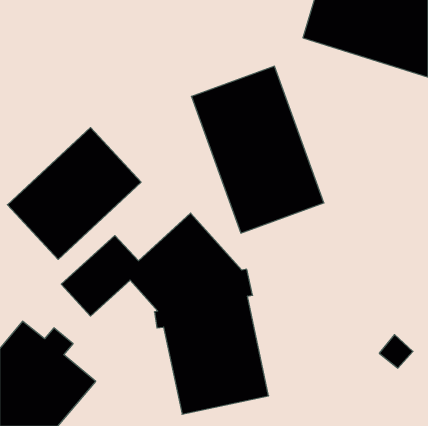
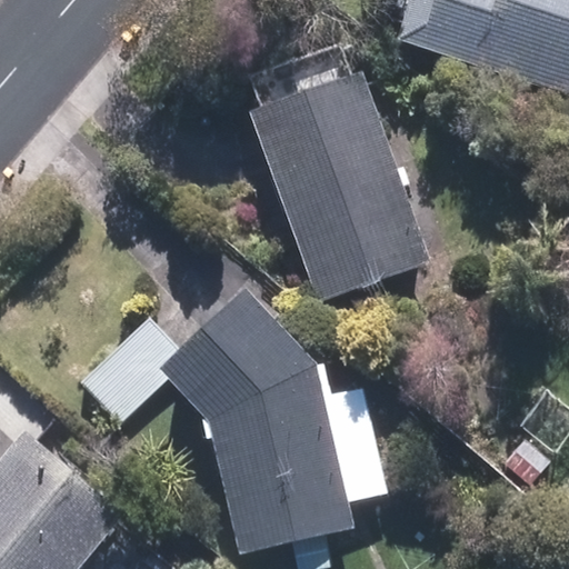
building: [7,128,141,259] -> none

